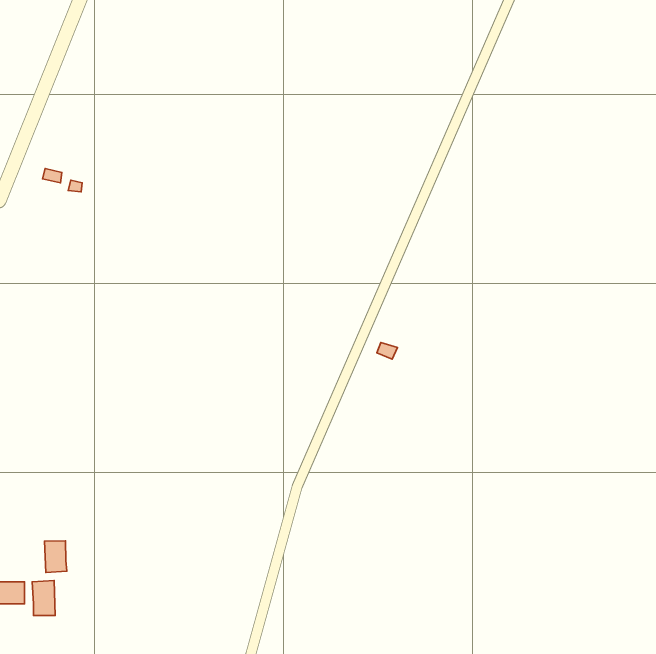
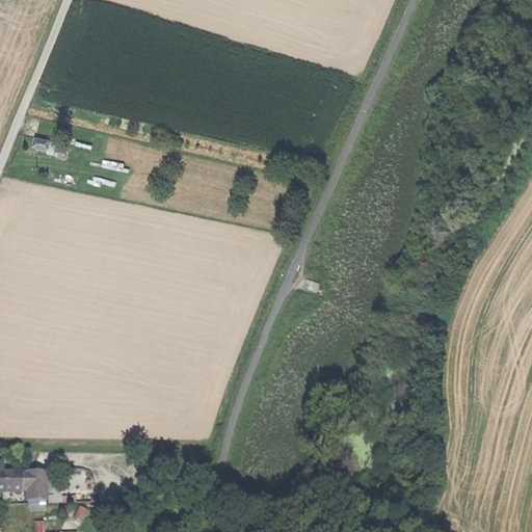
building: [45,541,67,573] -> none

